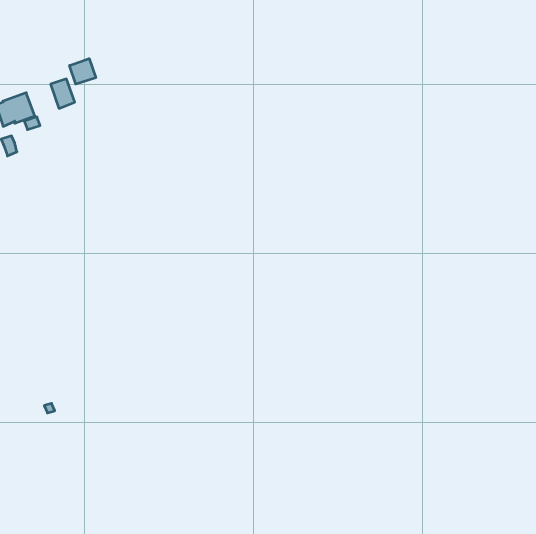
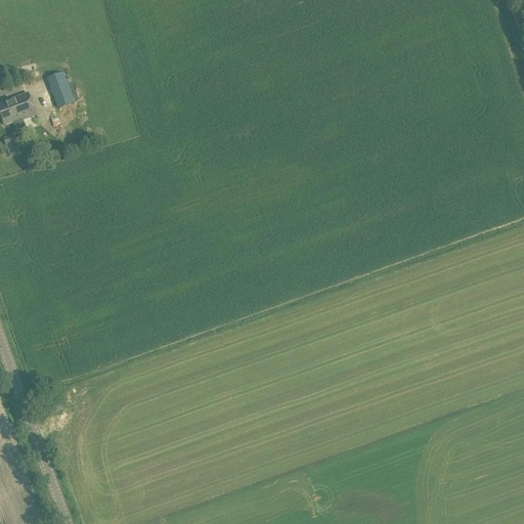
building: [70,59,96,84] -> none

